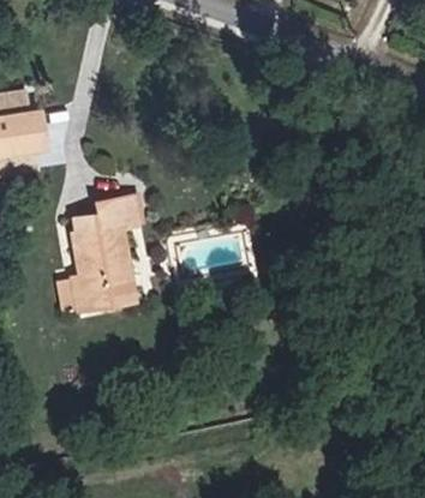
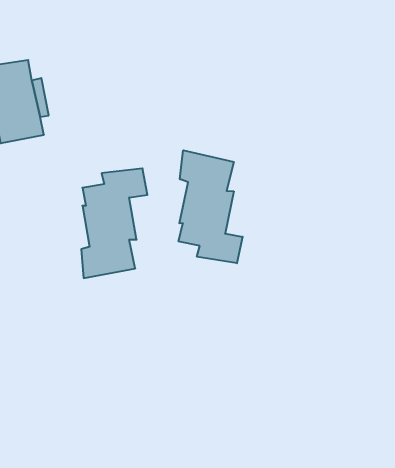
building: none -> [179,150,243,263]

